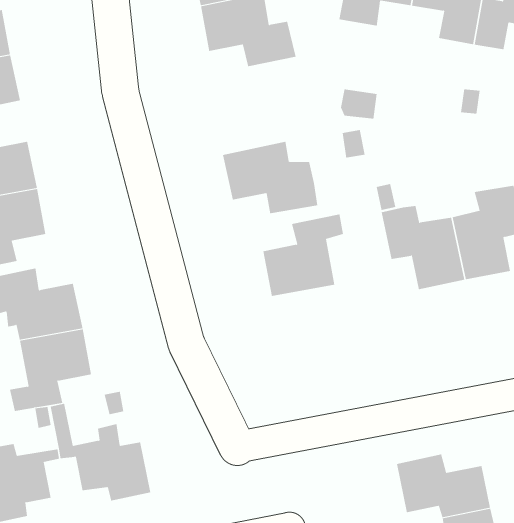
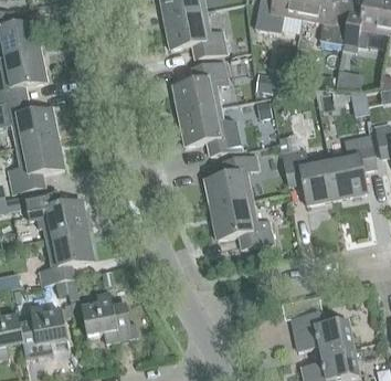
building: none -> [172,61,228,116]
building: none -> [210,201,273,248]

